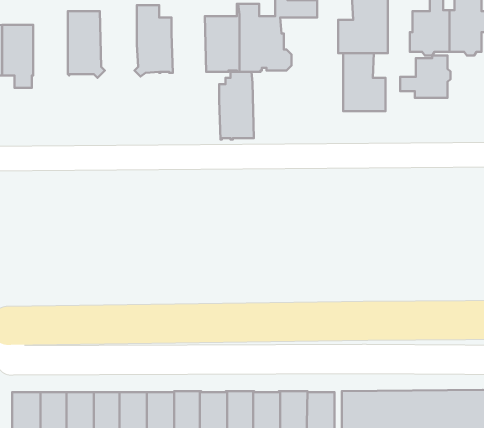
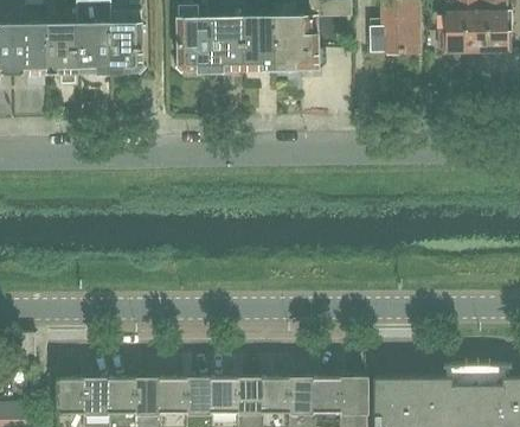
building: none -> [77,12,110,74]
building: [343,53,386,111] -> none
building: [400,56,451,98] -> none
building: [219,72,254,139] -> [210,6,243,71]

